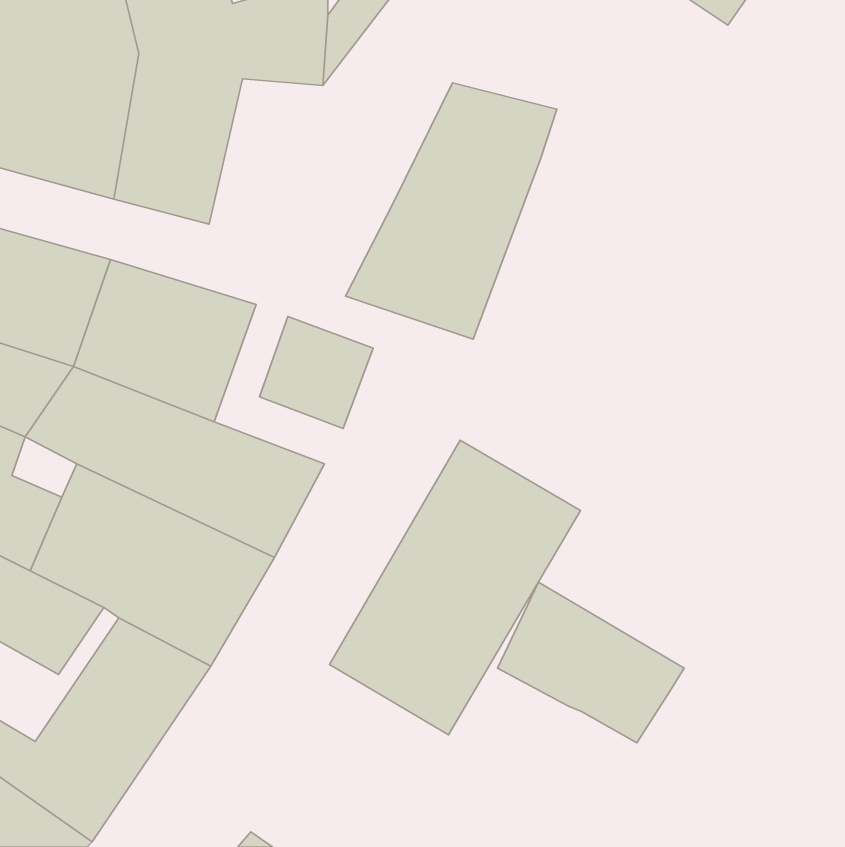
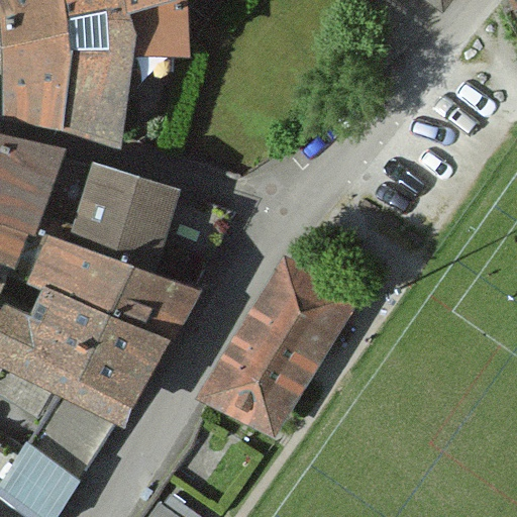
building: [345,83,557,339] -> none
building: [497,582,684,743] -> none

